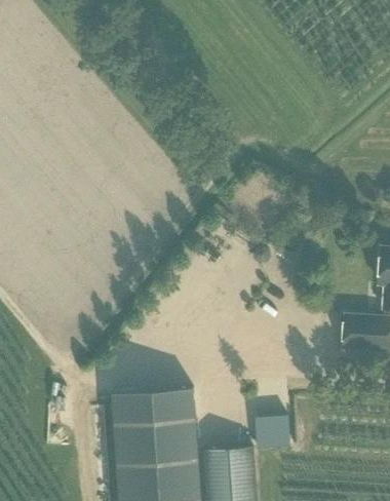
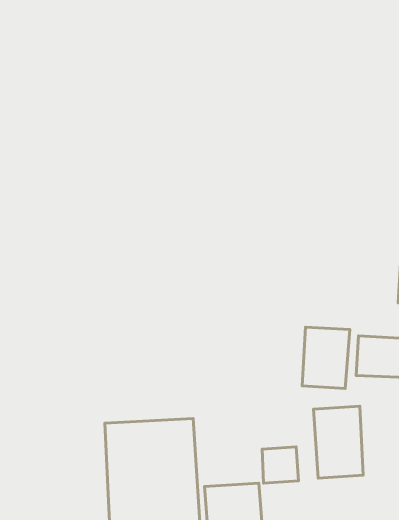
building: none -> [302,327,350,388]
building: none -> [314,406,363,478]

